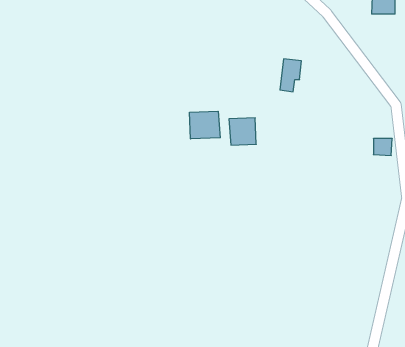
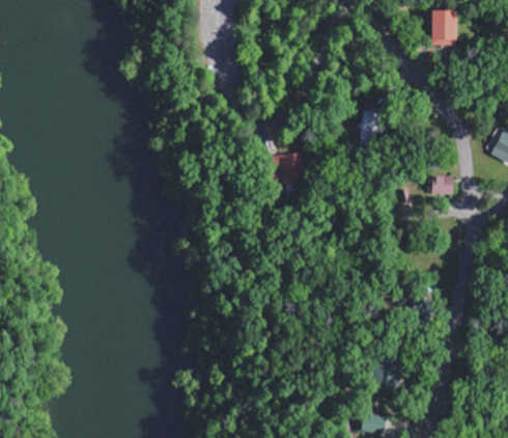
building: [280,59,301,92] -> [359,110,383,146]
building: [190,111,220,139] -> none

